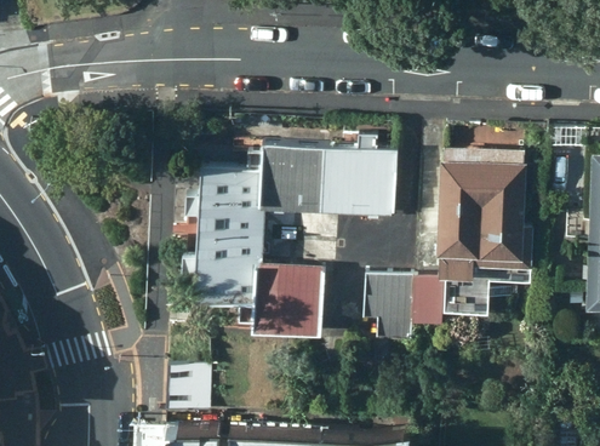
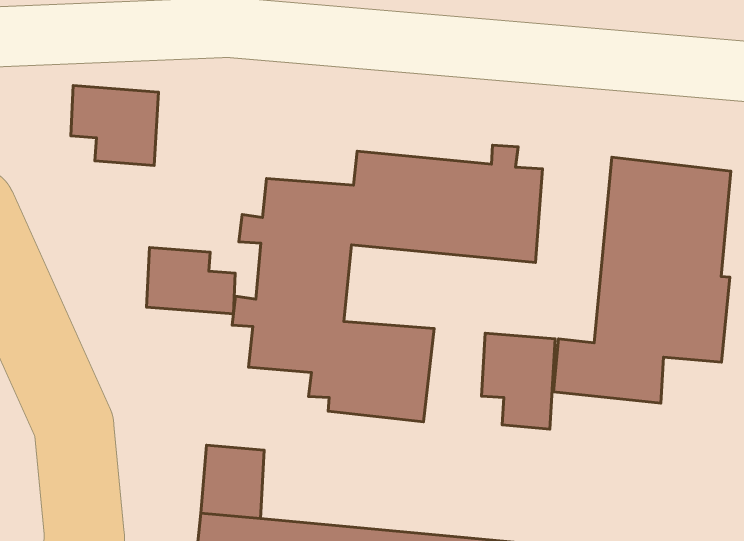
building: none -> [71,85,158,166]
building: none -> [147,248,235,314]

